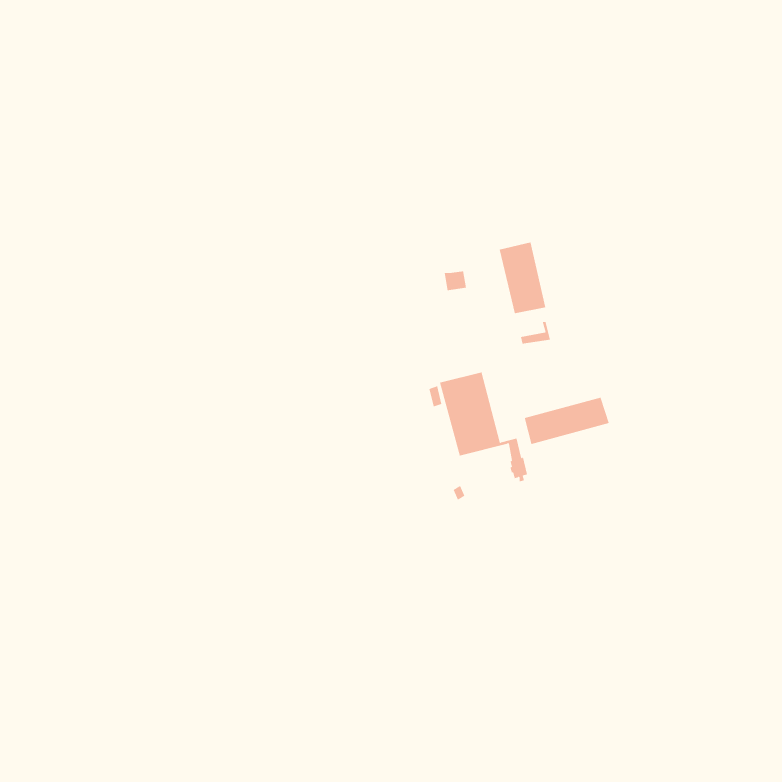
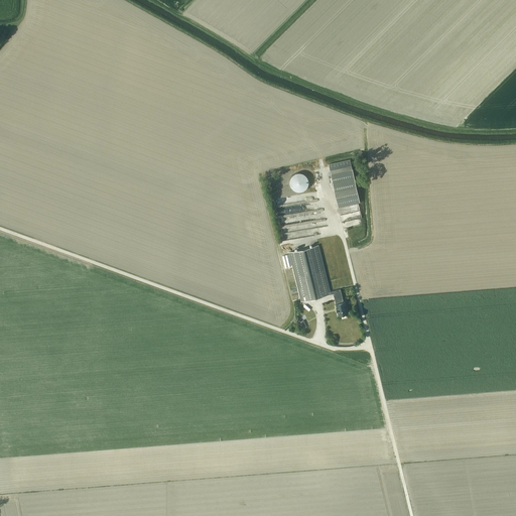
building: [524,397,610,445] -> none

